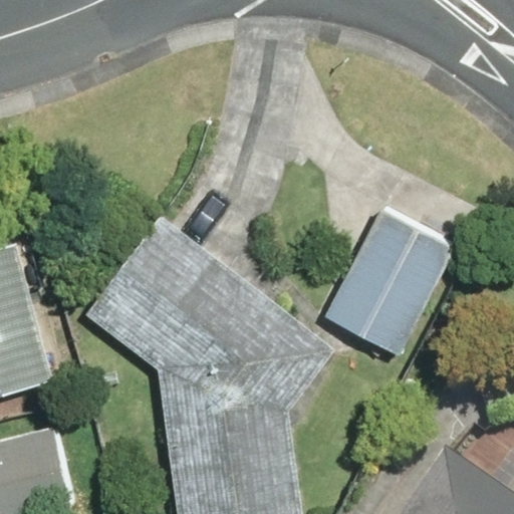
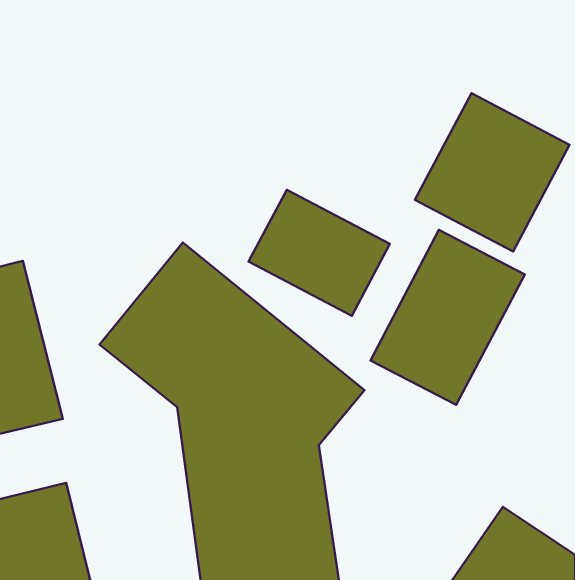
building: none -> [415,93,570,252]
building: none -> [249,190,390,316]

